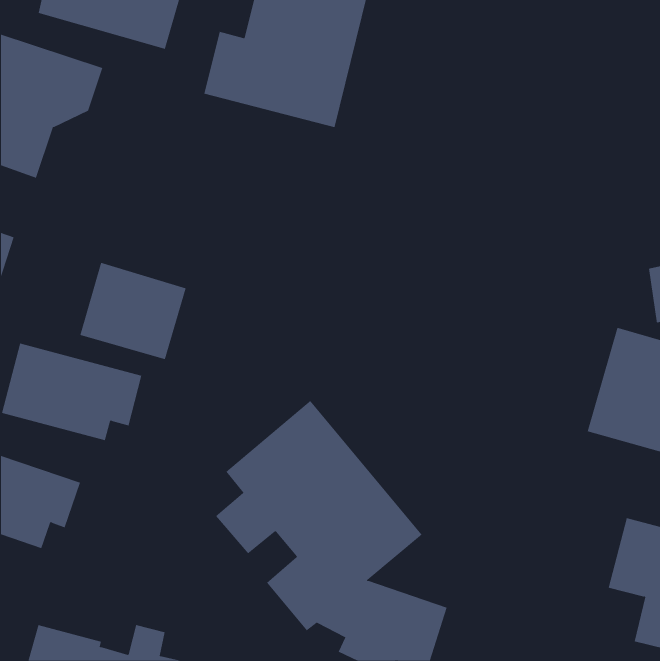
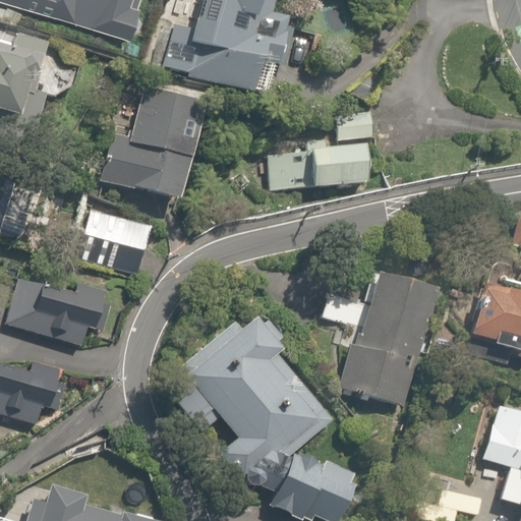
building: none -> [99,82,210,206]
building: none -> [270,143,371,188]
building: none -> [345,273,436,407]

